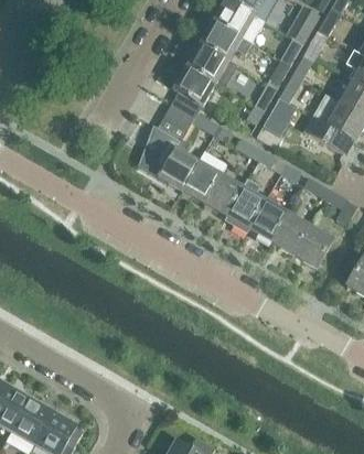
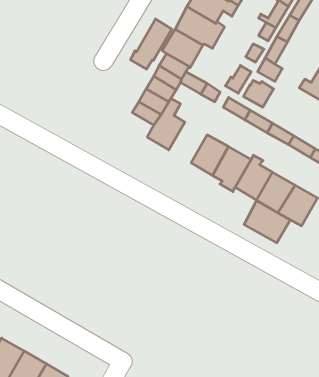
building: none -> [131,19,172,69]
building: [180,162,220,204] -> none
building: none -> [244,201,290,243]

